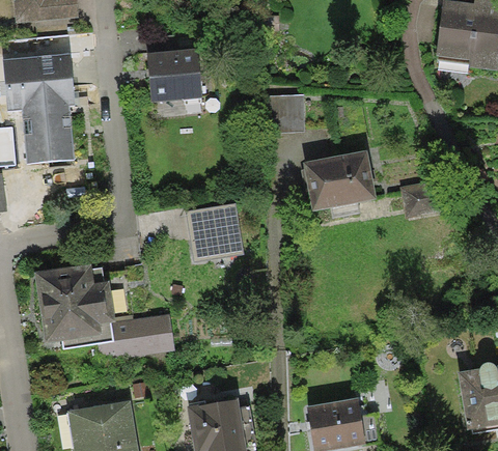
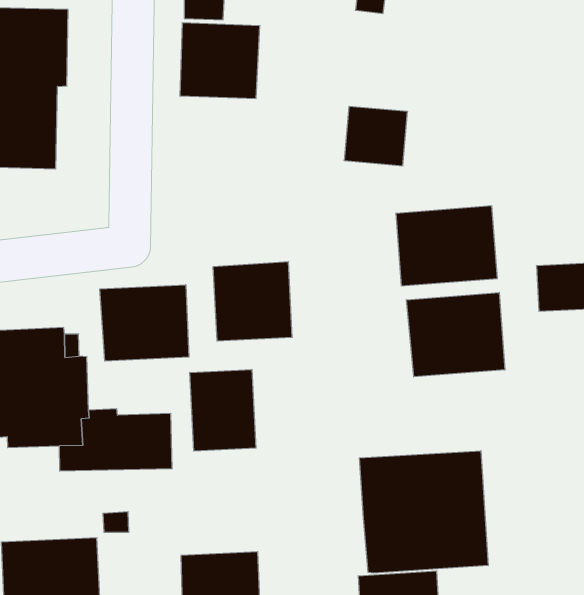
building: none -> [406,292,505,377]
building: none -> [100,285,189,361]
building: none -> [190,369,256,451]
building: none -> [359,451,488,573]

